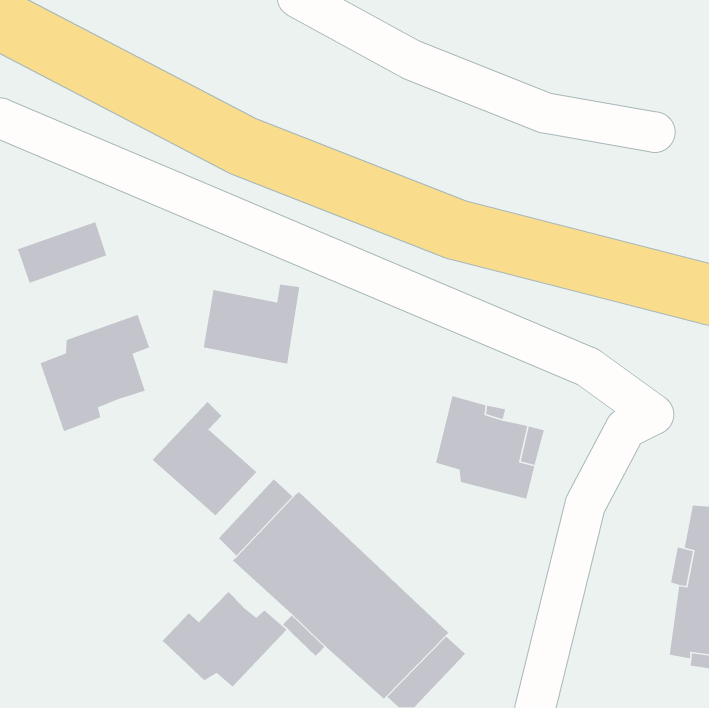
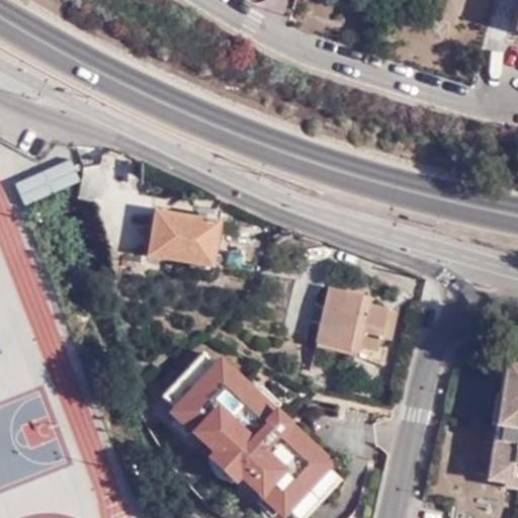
building: [40,314,150,432] -> none
building: [152,401,257,516] -> none
building: [162,591,288,688] -> none

